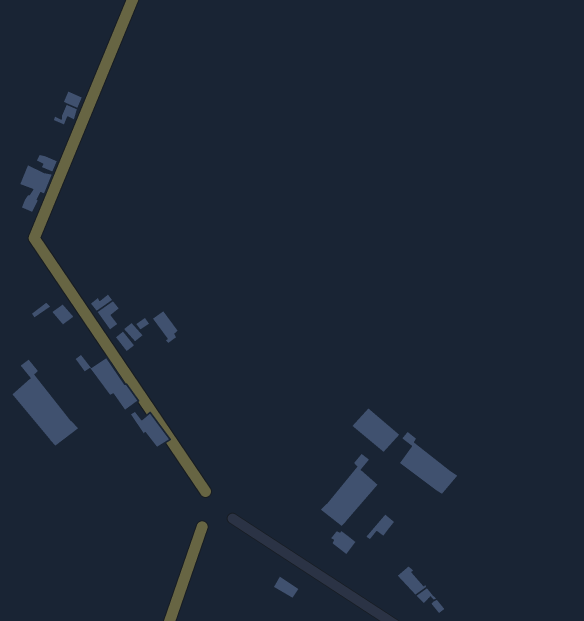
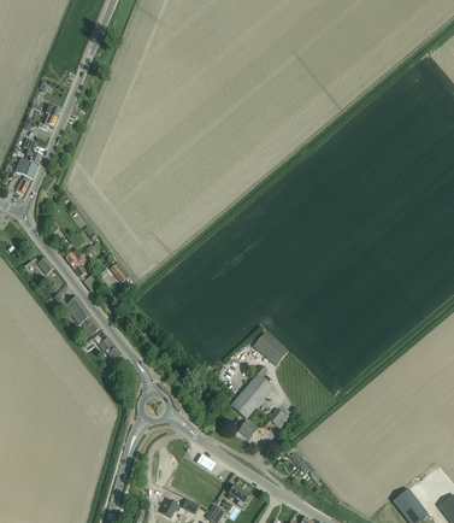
building: [11,358,79,446] -> none
building: [399,431,458,495] -> none

